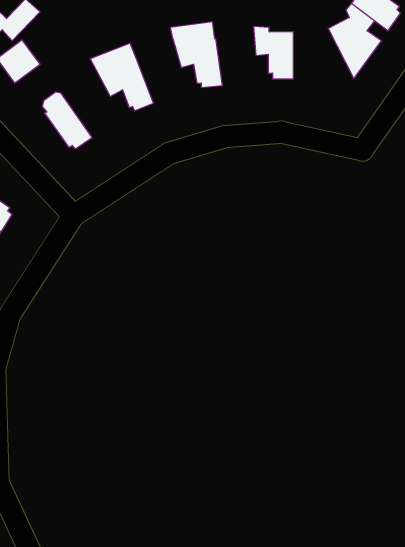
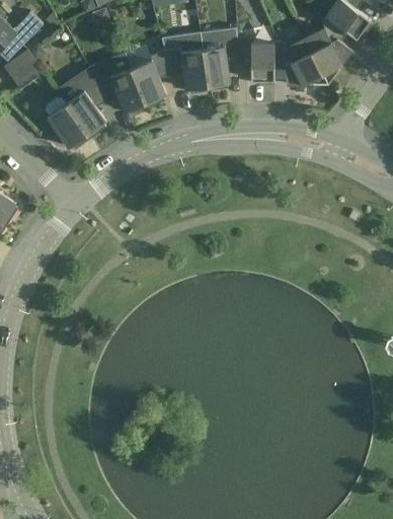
building: none -> [200,26,239,90]
building: none -> [273,39,328,84]
building: none -> [131,47,171,106]
building: none -> [56,66,106,138]

